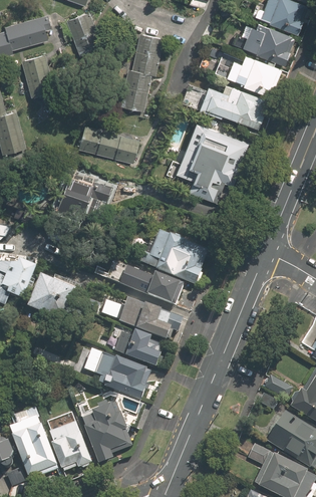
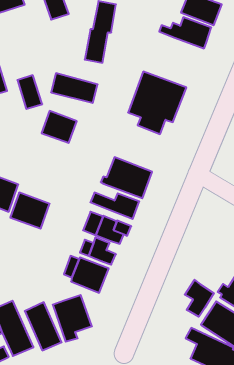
building: [21,54,52,96] -> [17,75,42,109]
building: [182,82,267,130] -> none
building: none -> [185,280,214,317]

